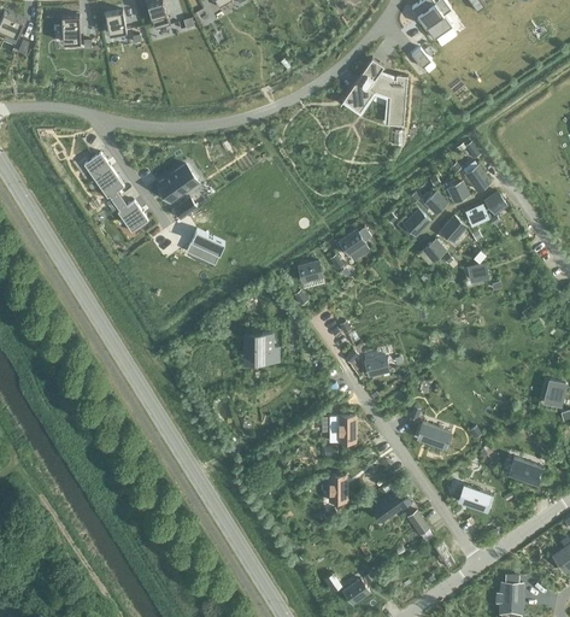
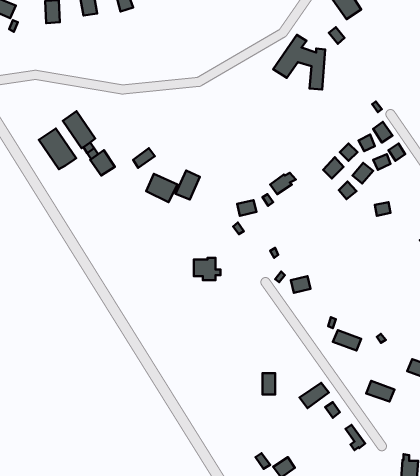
building: [158,164,196,200] -> none
building: none -> [39,129,76,169]
building: none -> [176,170,200,200]
building: [330,416,354,442] -> none

